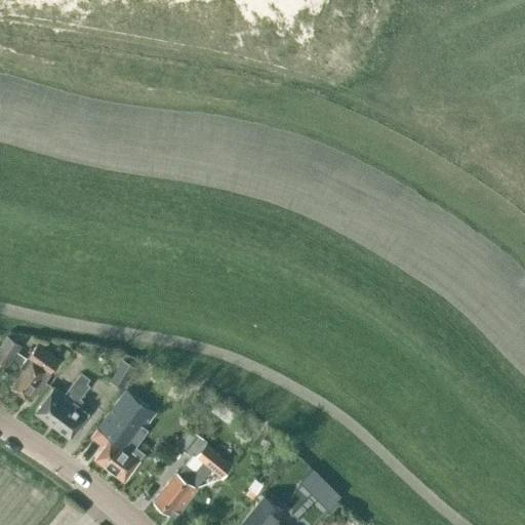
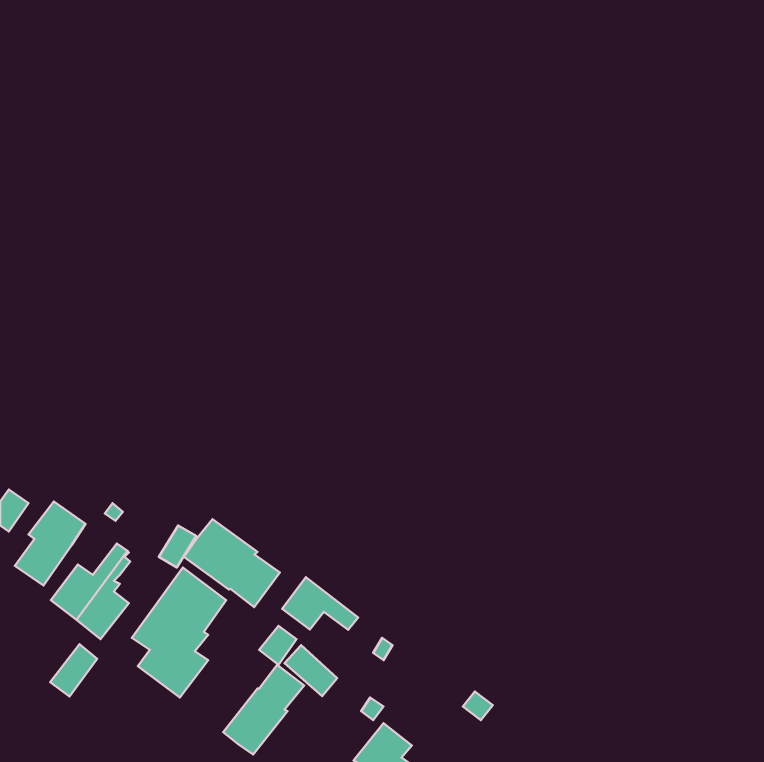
building: none -> [184,519,280,607]
building: none -> [282,577,358,630]
building: none -> [50,644,97,696]

